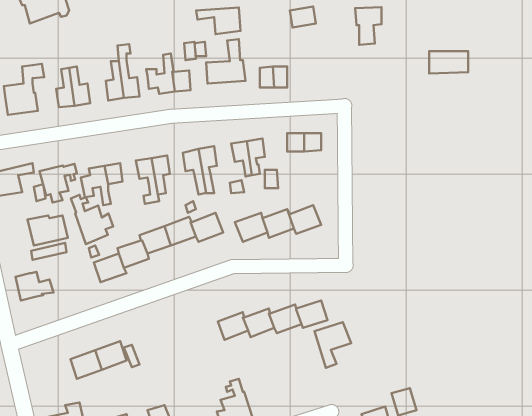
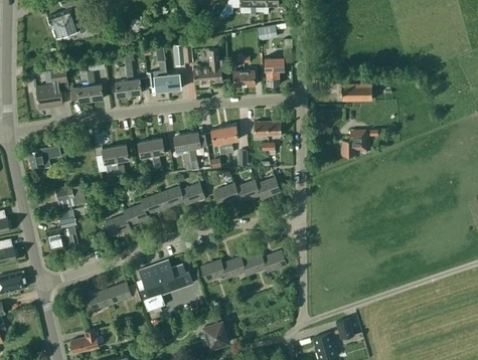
building: [355,7,381,45] -> [264,56,284,85]
building: [196,8,241,34] -> none
building: [429,51,468,74] -> [341,83,371,101]
building: none -> [340,130,366,156]
building: [39,164,77,202] -> none
building: [71,195,113,244] -> none
building: none -> [137,262,192,311]
building: [314,322,351,368] -> none

